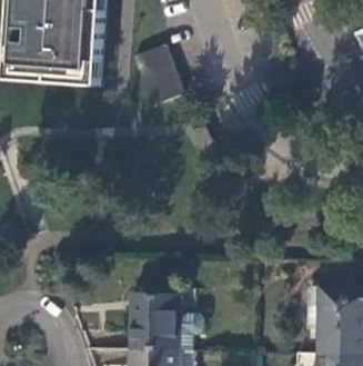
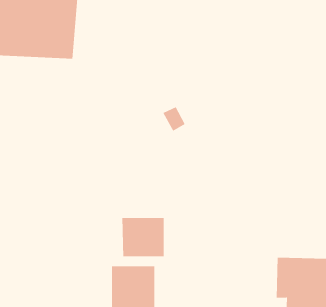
building: [130,47,180,108] -> none
building: none -> [122,217,164,257]

